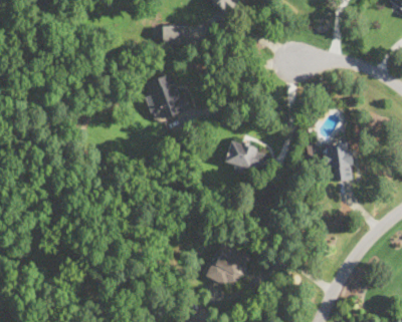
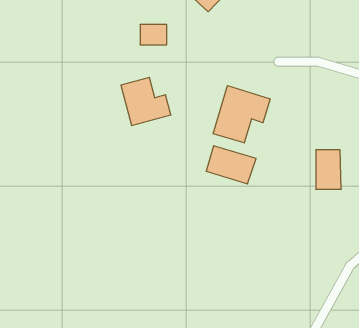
building: none -> [213,86,270,143]
building: [205,241,250,289] -> none

